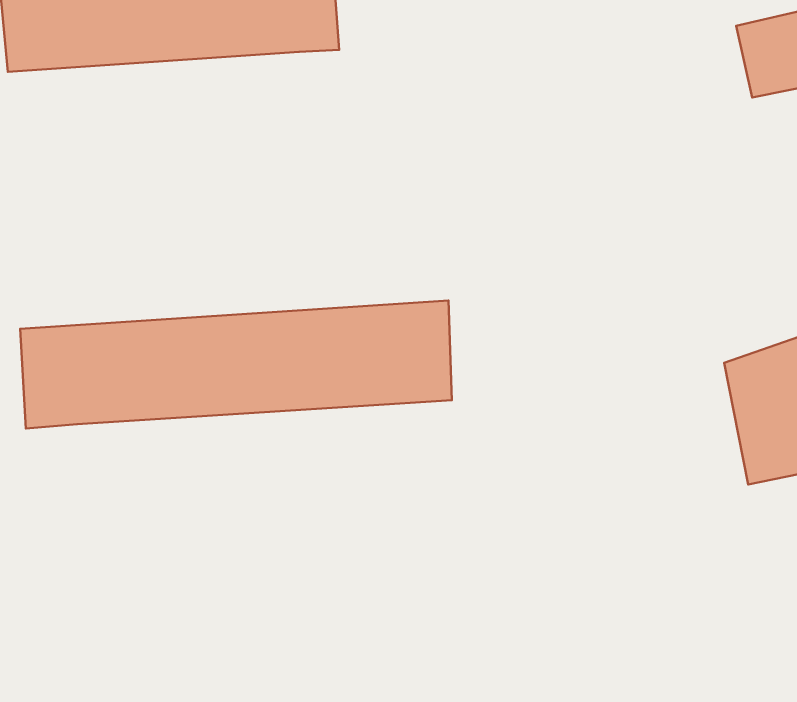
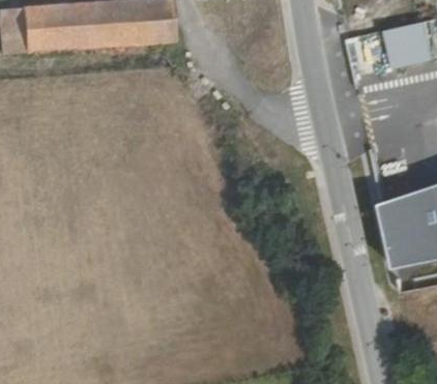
building: [20,300,452,428] -> none

